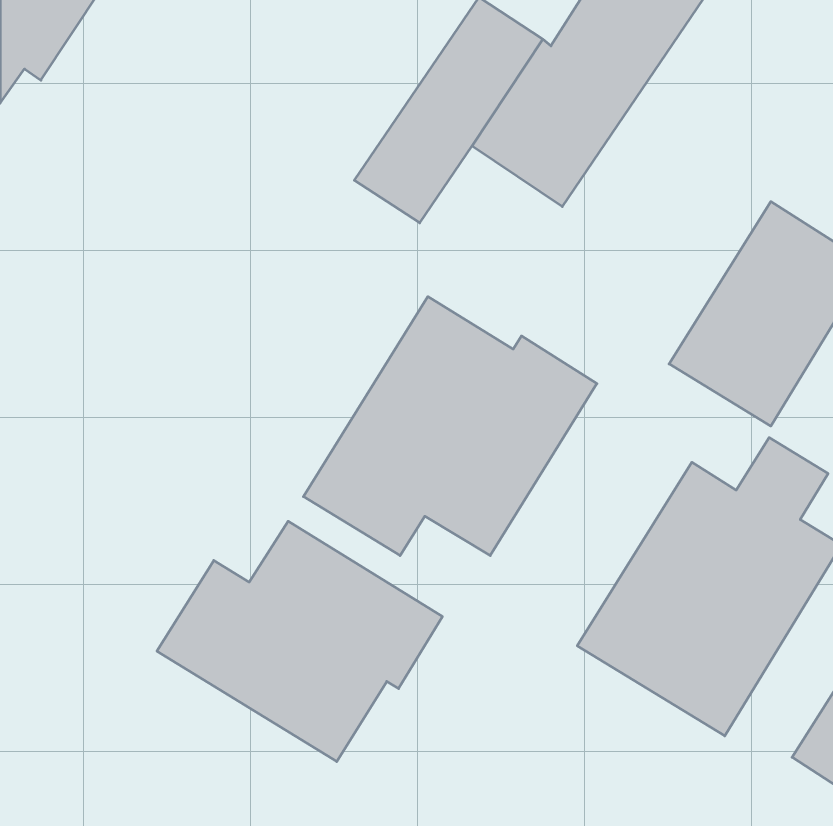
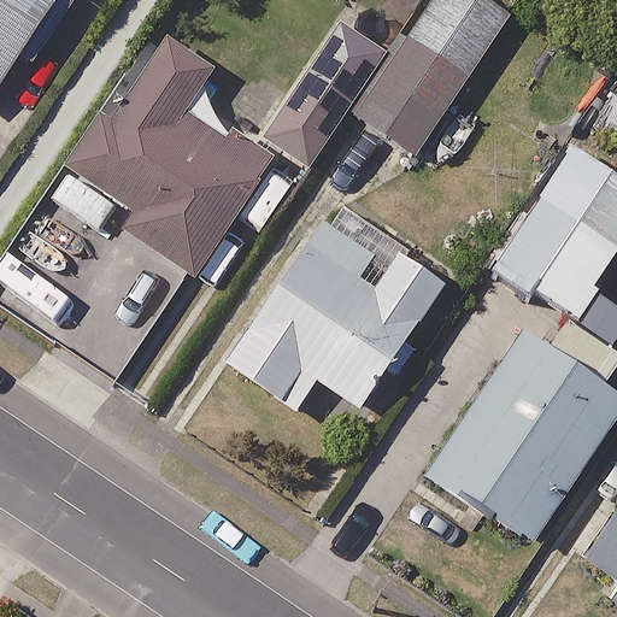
building: none -> [71,37,274,276]
building: [157,521,442,762] -> none

